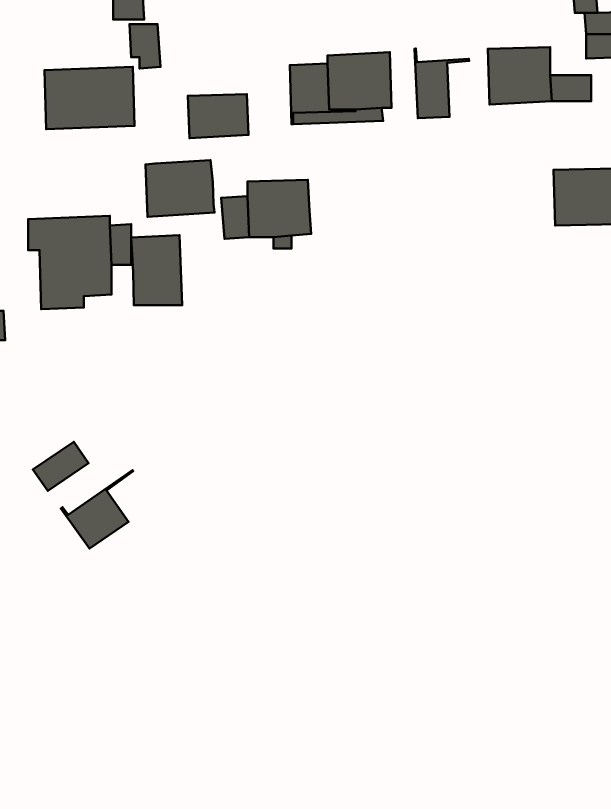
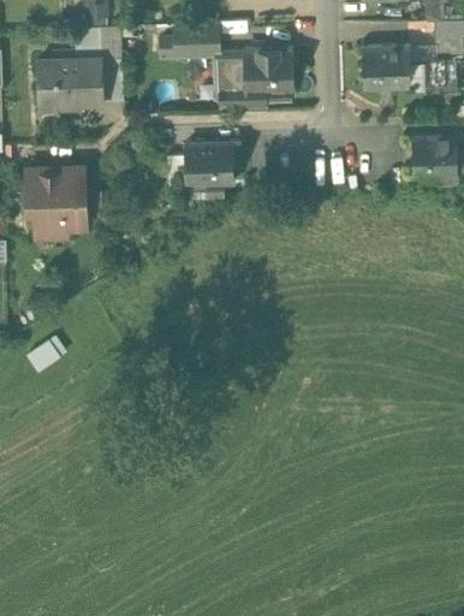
building: [414,49,469,118] -> none
building: [188,94,248,138] -> [173,24,218,57]
building: [145,160,214,217] -> none
building: [131,235,182,305] -> none
building: [61,470,133,549] -> none

